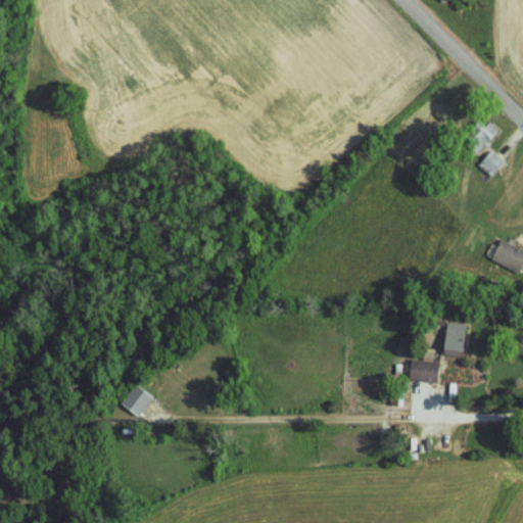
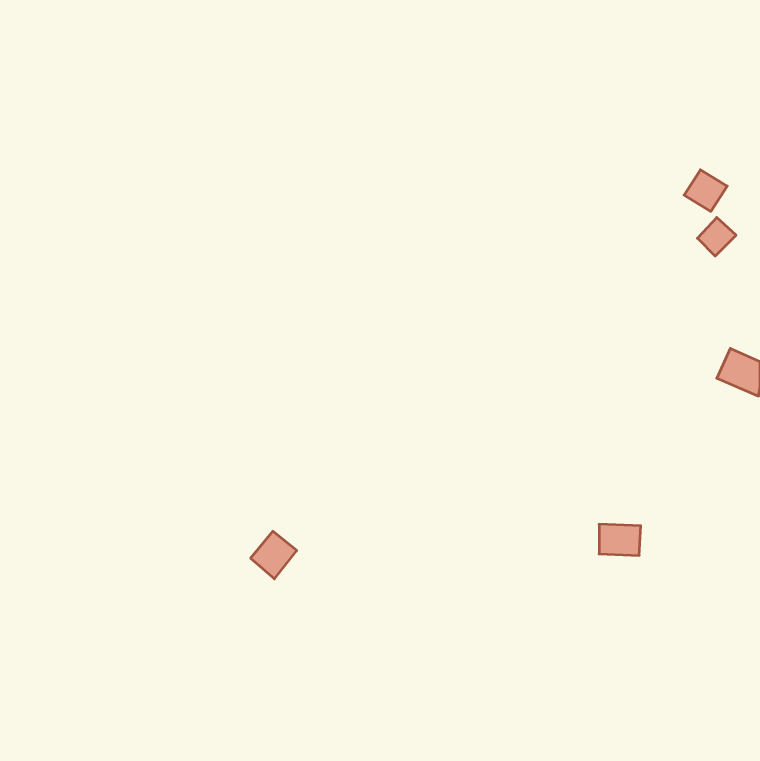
building: [445,323,465,354] -> none
building: [121,383,152,416] -> [251,531,297,579]

